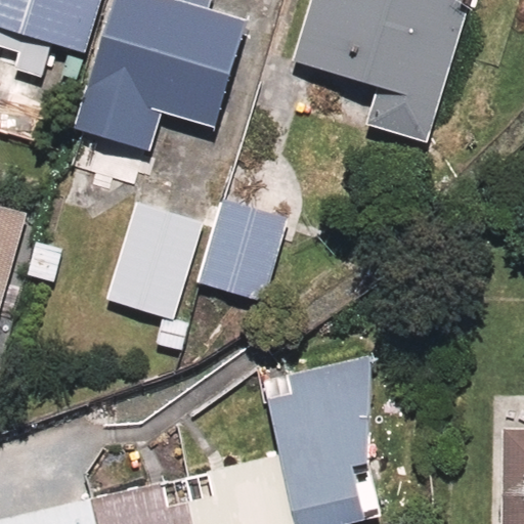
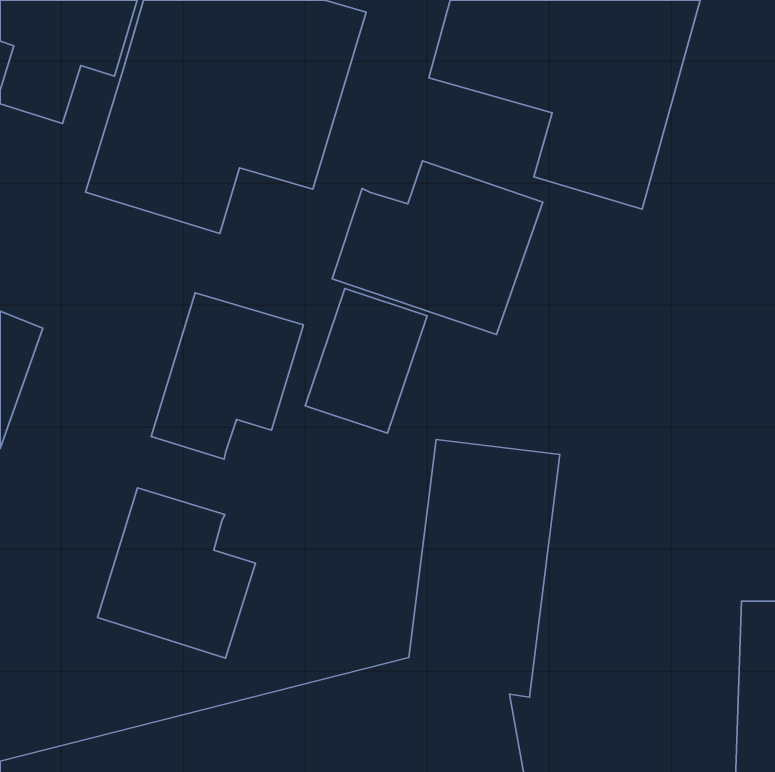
building: none -> [332,161,543,334]
building: none -> [97,488,255,658]

